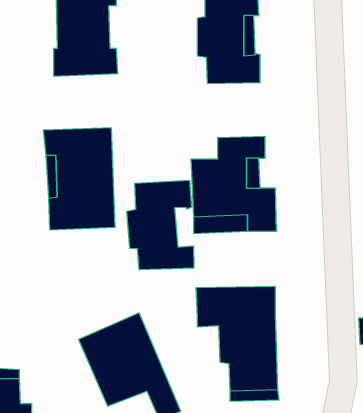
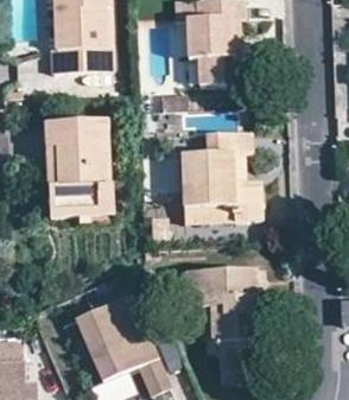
building: [127,180,194,270] -> none

